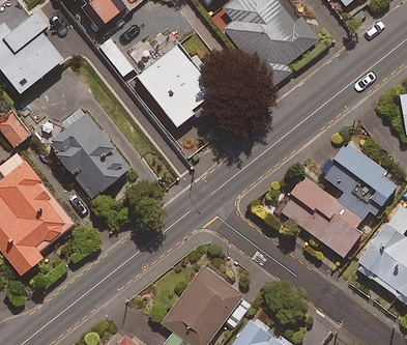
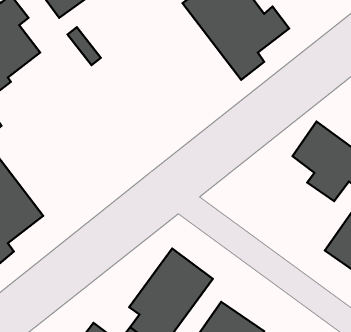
building: [136,49,211,134] -> none
building: [53,109,133,202] -> none
building: [278,171,364,254] -> none

